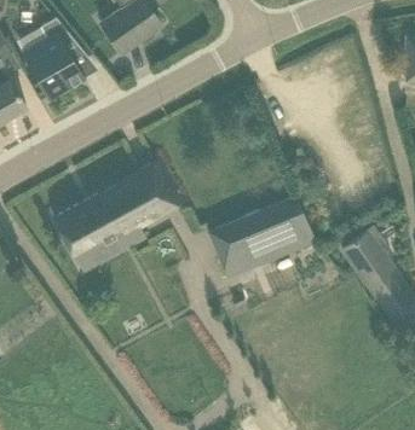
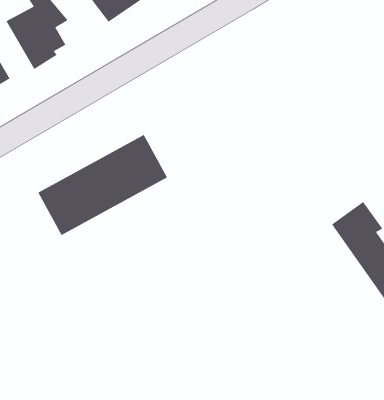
building: [208,194,316,278] -> none

